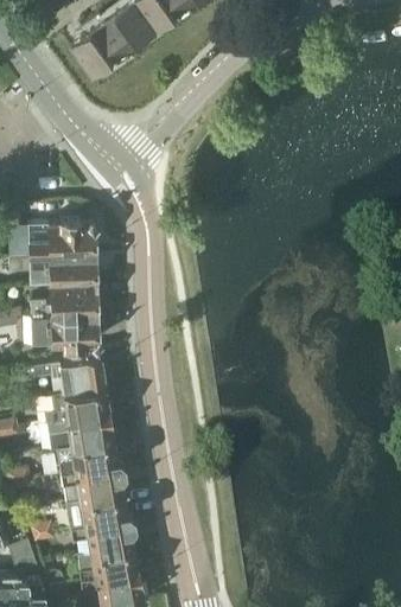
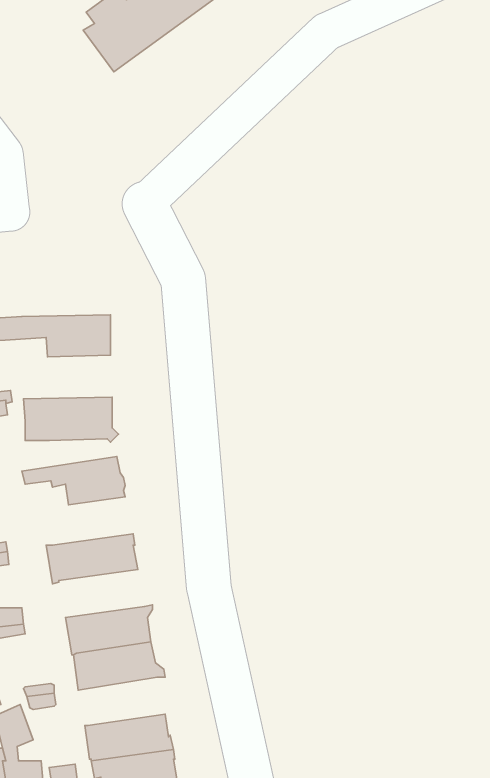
building: [27,218,96,254] -> none
building: [30,282,95,314] -> none
building: [45,386,110,422] -> none
building: [56,440,125,475] -> none
building: [70,519,135,555] -> none

